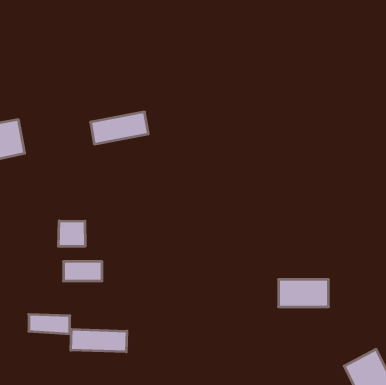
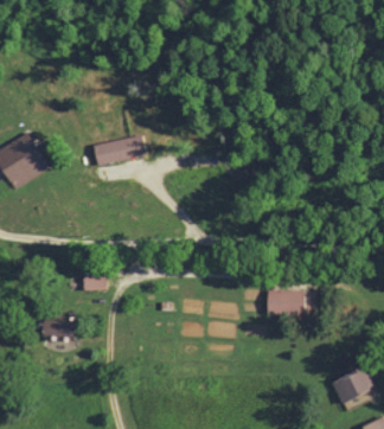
building: [58,221,85,246] -> none
building: [71,329,127,352] -> none

